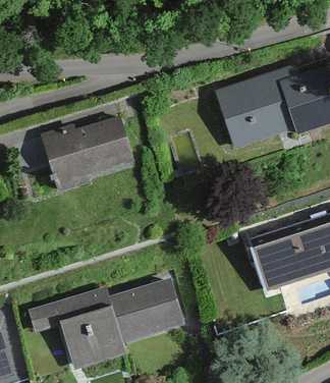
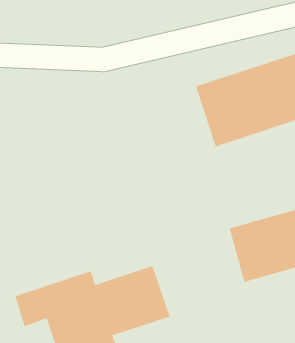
building: [43,112,139,192] -> none

